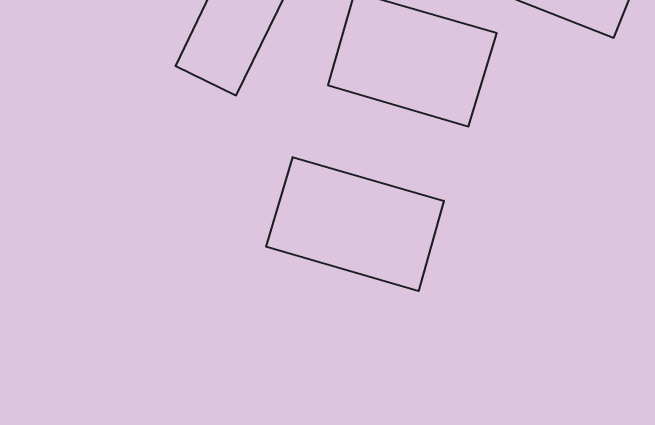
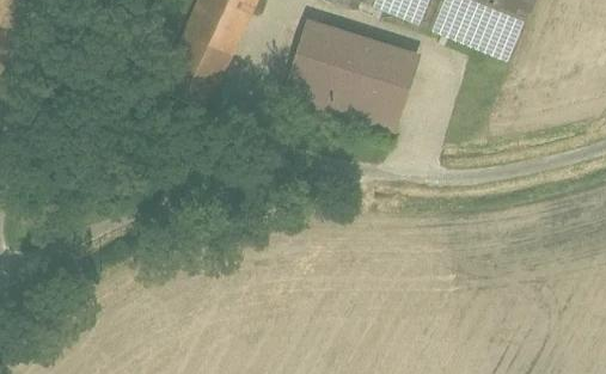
building: [266,157,444,291] -> none

